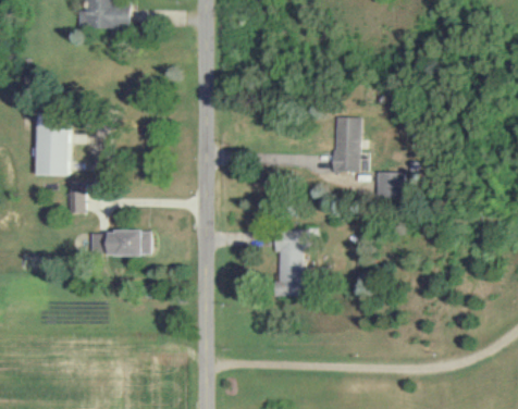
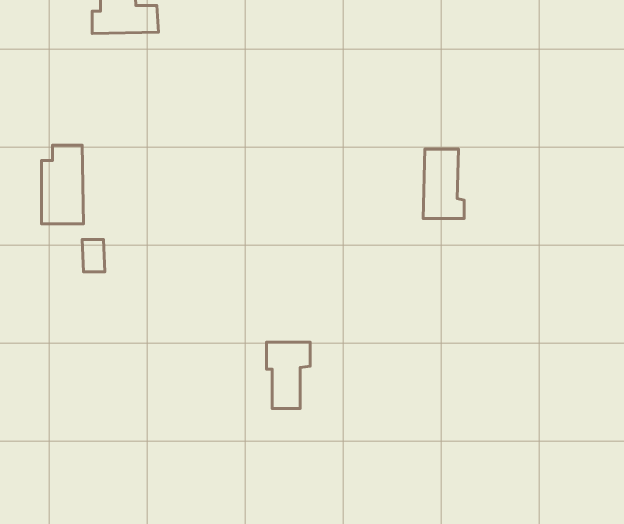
building: [378,172,404,196] -> none
building: [95,232,151,255] -> none
building: [276,233,310,284] -> [266,342,310,409]

